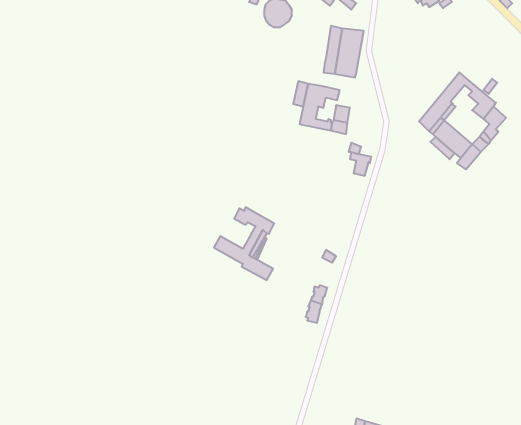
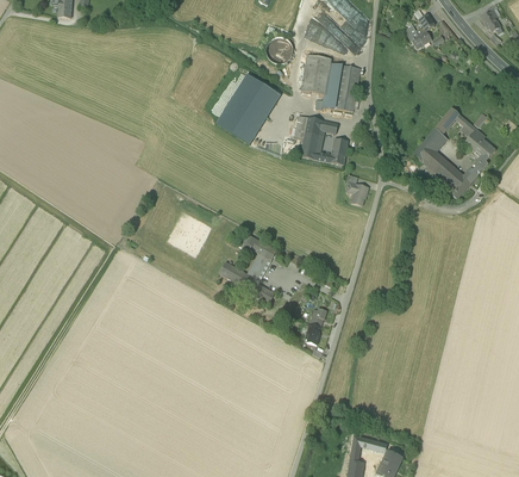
building: none -> [301,54,331,93]
building: none -> [215,73,281,144]

